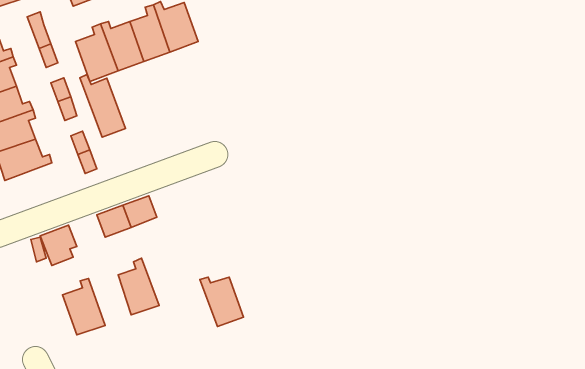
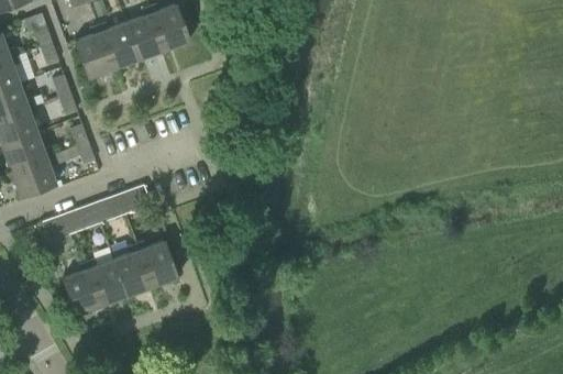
building: [80,75,126,137] -> none
building: none -> [9,154,56,197]
building: none -> [68,202,102,232]
building: none -> [87,259,126,306]
building: [200,277,243,327] -> [136,241,177,287]

